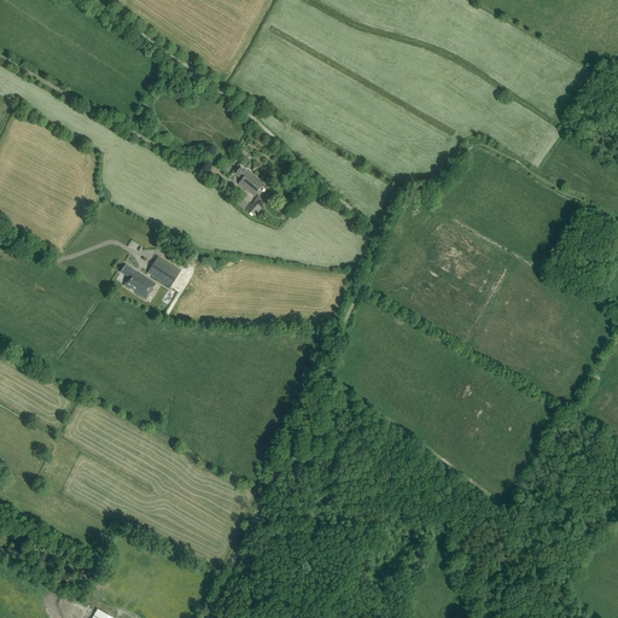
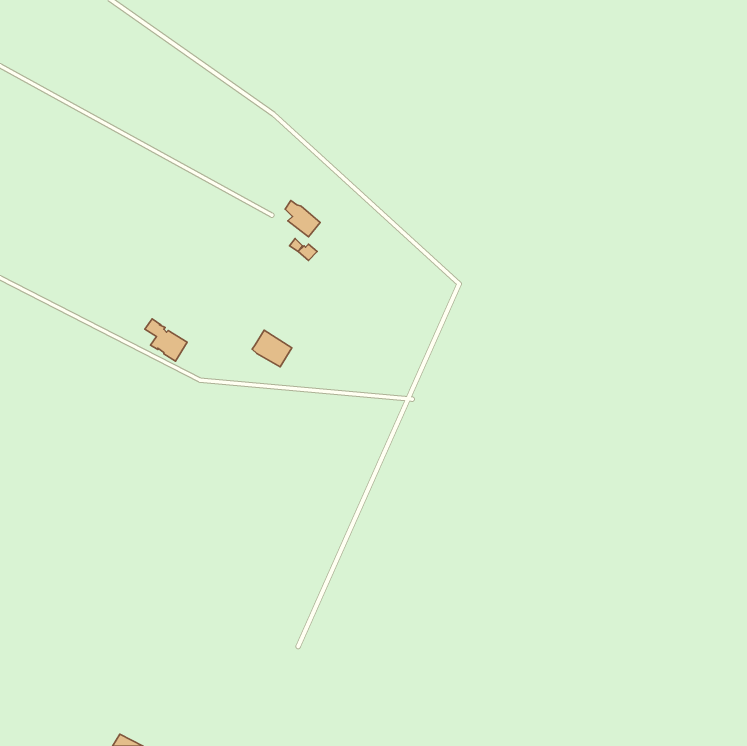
building: [147,256,180,286] -> [252,330,292,367]

